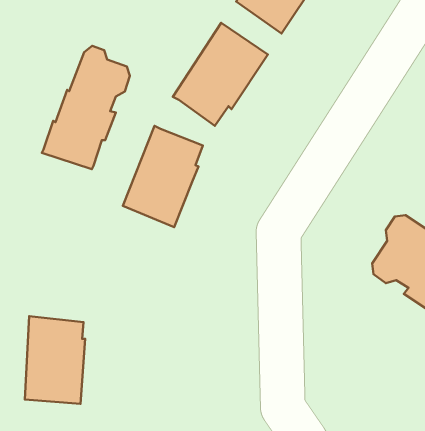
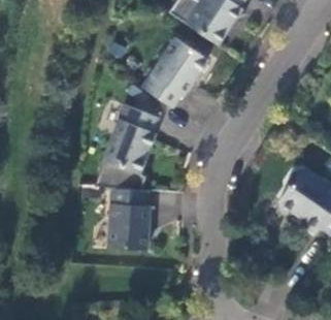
building: [42,46,130,169] -> none
building: [25,316,85,404] -> [111,188,153,248]

